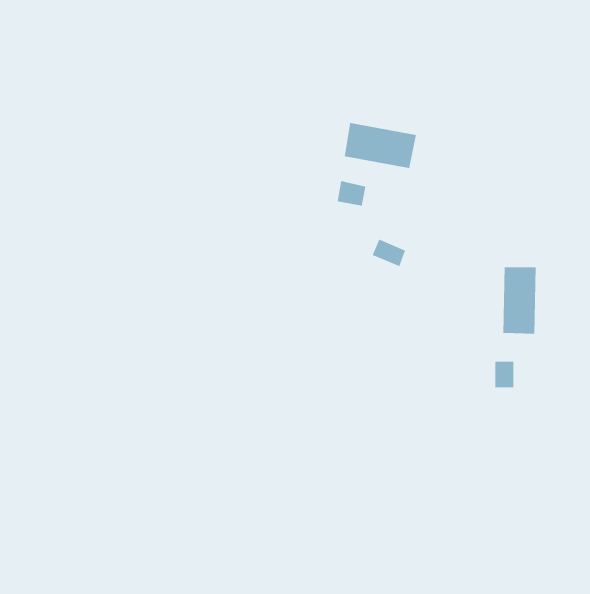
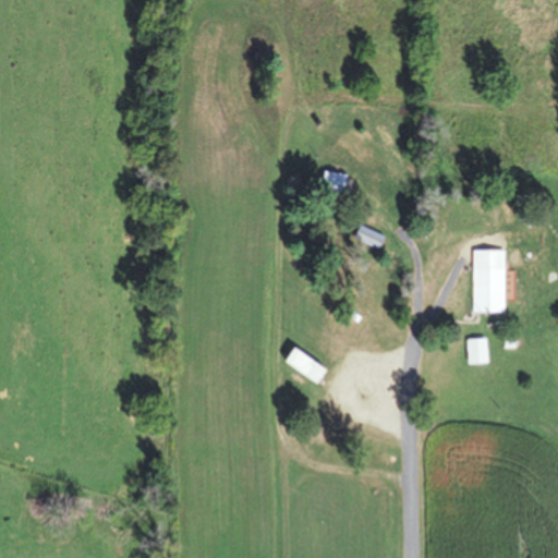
building: [344,122,416,169] -> none
building: none -> [283,344,325,385]

